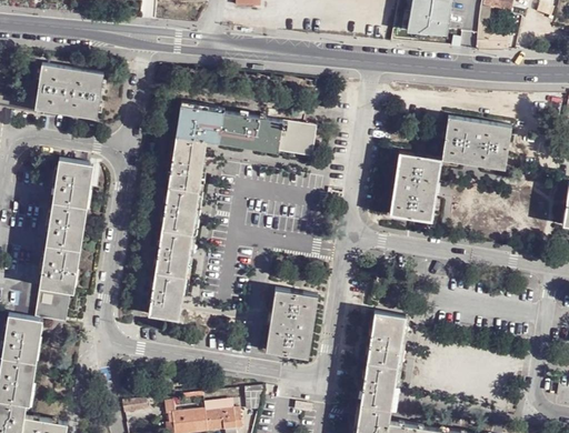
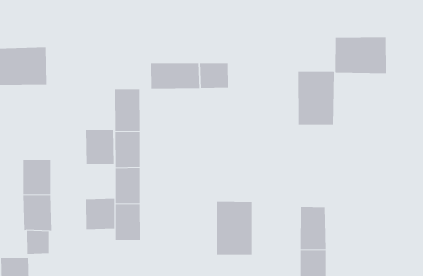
building: [176,105,223,143] -> none
building: [52,161,92,209] -> [85,129,115,165]
building: none -> [86,198,115,230]

